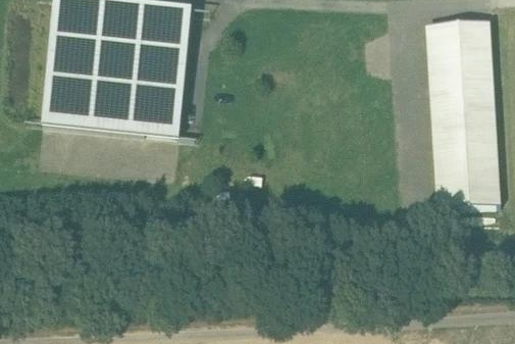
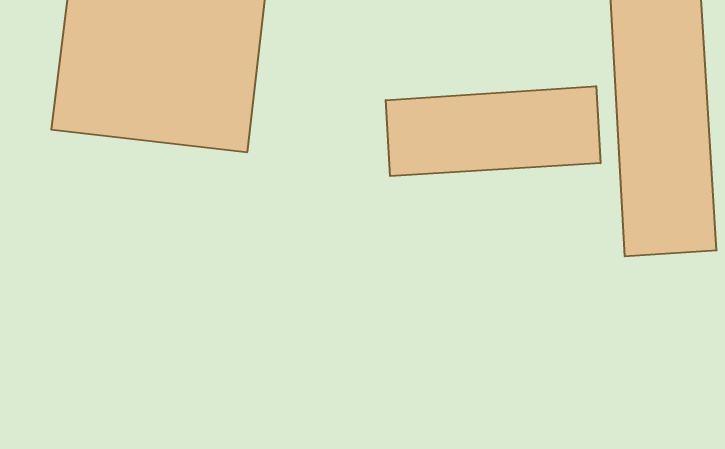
building: none -> [386,86,600,176]

